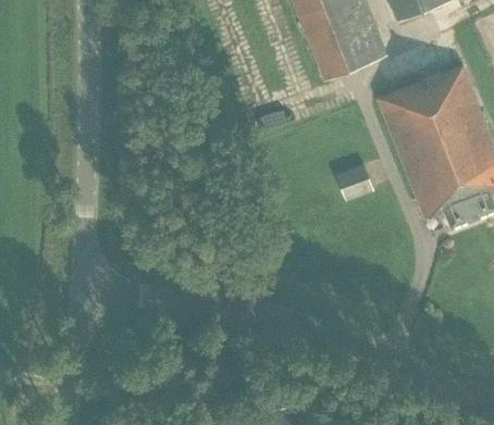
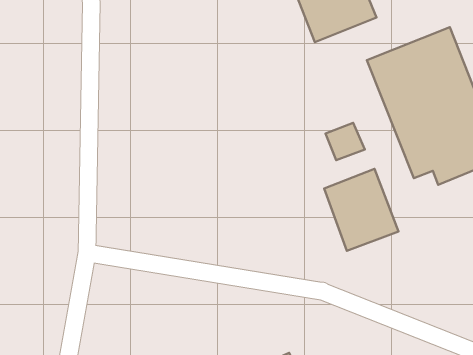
building: none -> [324,169,398,251]

